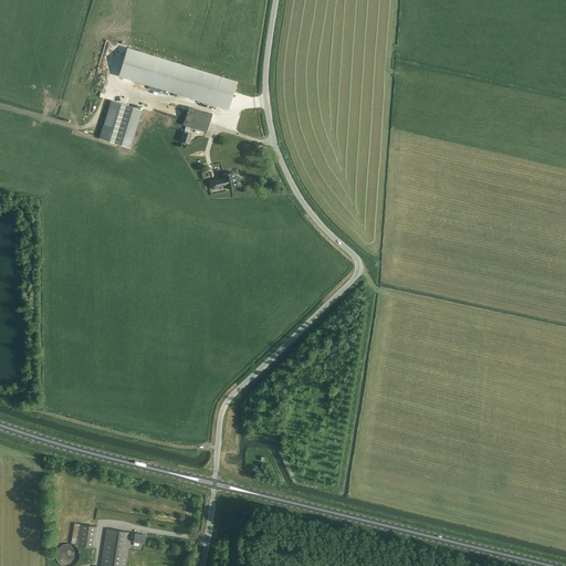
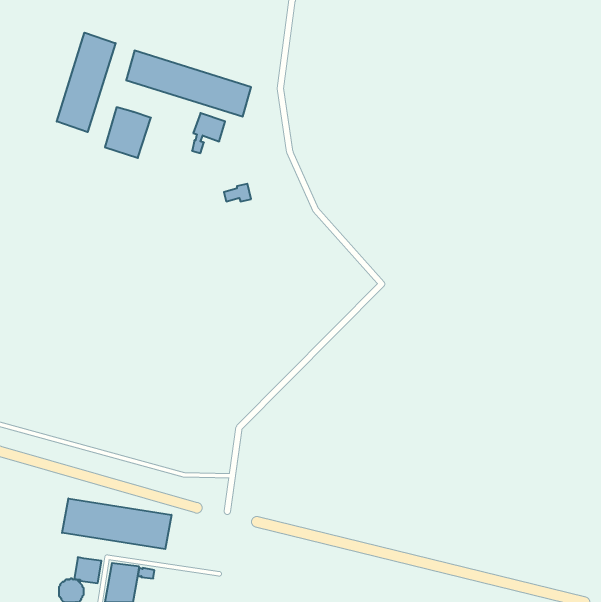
building: none -> [57,33,116,132]
building: none -> [62,498,171,549]

